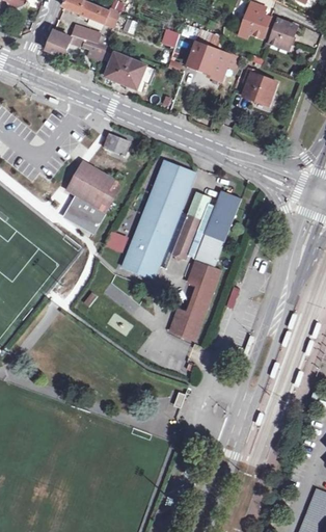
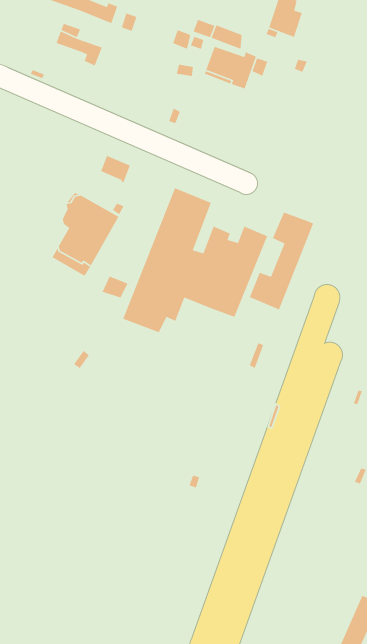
building: [263,17,297,50] -> none
building: [45,31,71,56] -> none
building: [105,53,155,90] -> none
building: [244,73,278,105] -> none
building: [166,258,219,338] -> [249,212,314,310]

